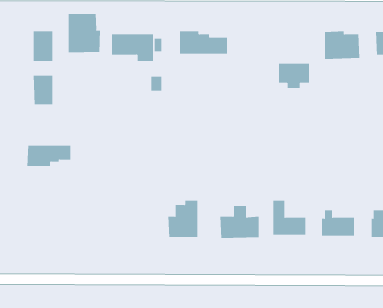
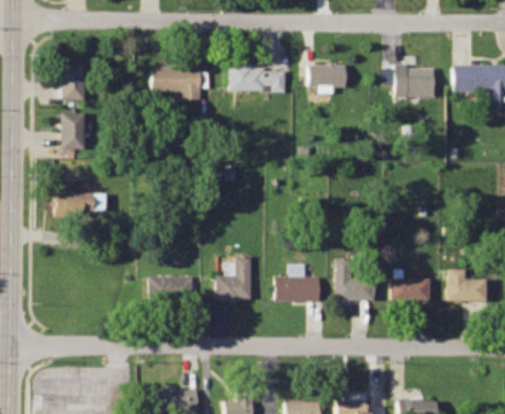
building: [68,13,100,53] -> none
building: [278,63,310,89] -> [308,64,345,93]
building: none -> [147,277,194,302]

